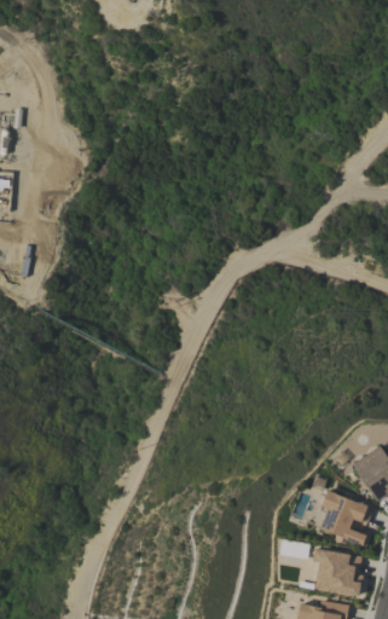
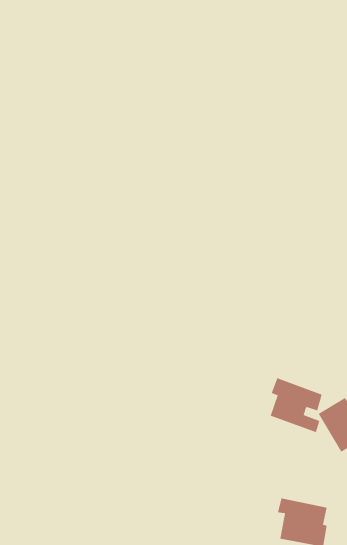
building: [320,491,373,546] -> [270,378,323,433]

